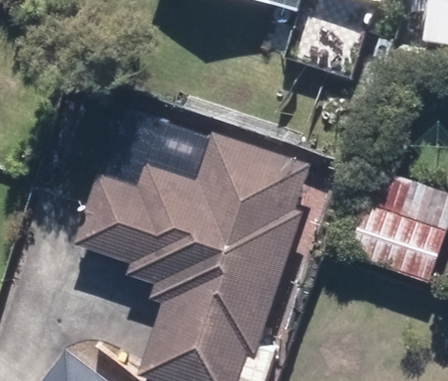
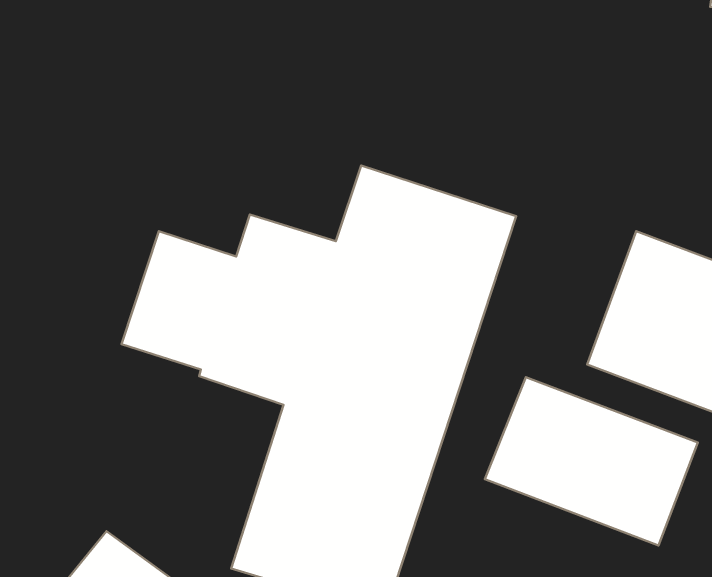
building: none -> [485,377,698,546]

